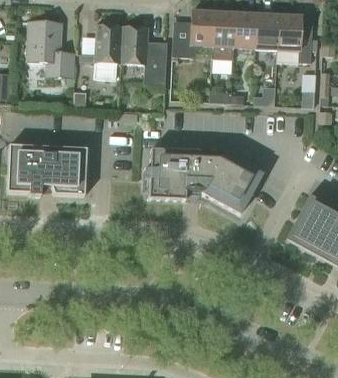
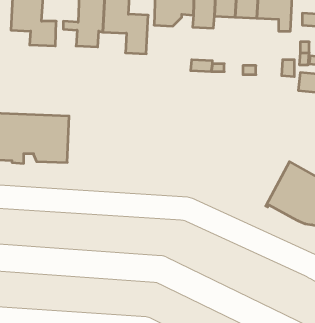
building: [144,148,261,213] -> none

